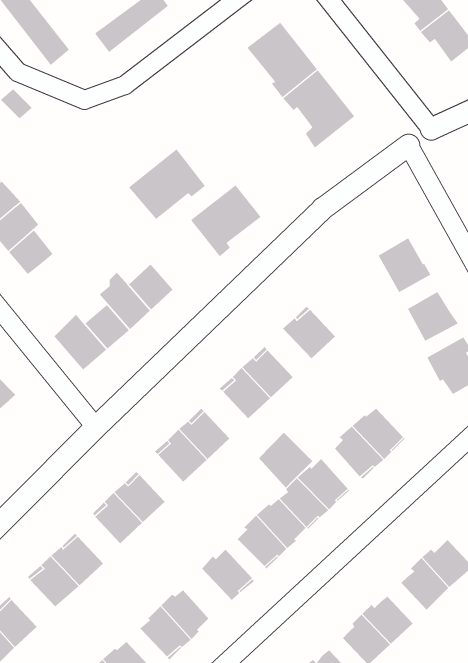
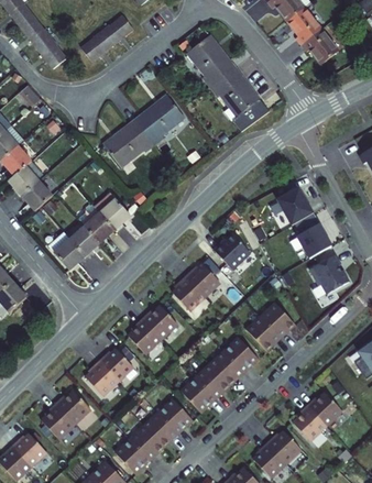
building: [190,184,262,257] -> [140,102,188,152]
building: [258,432,313,489] -> none
building: none -> [144,411,177,446]

